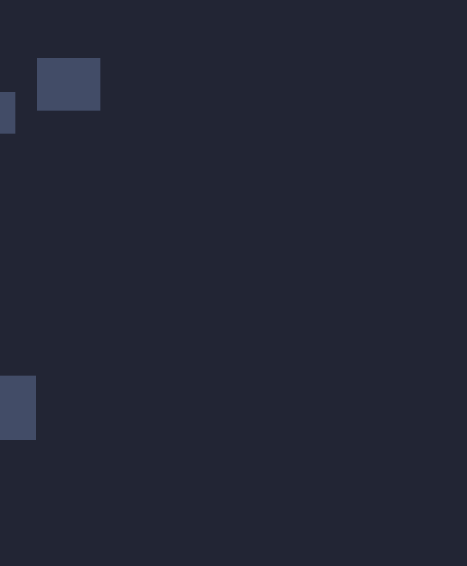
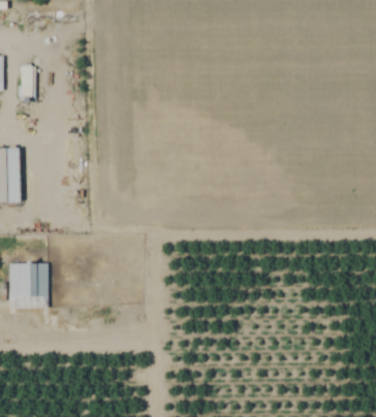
building: [36,57,101,111] -> none

